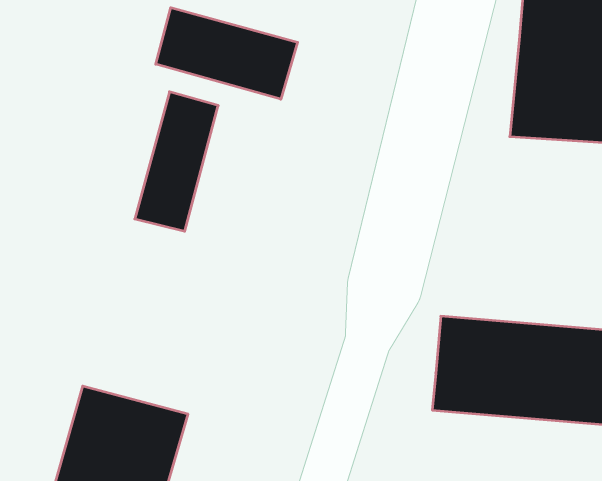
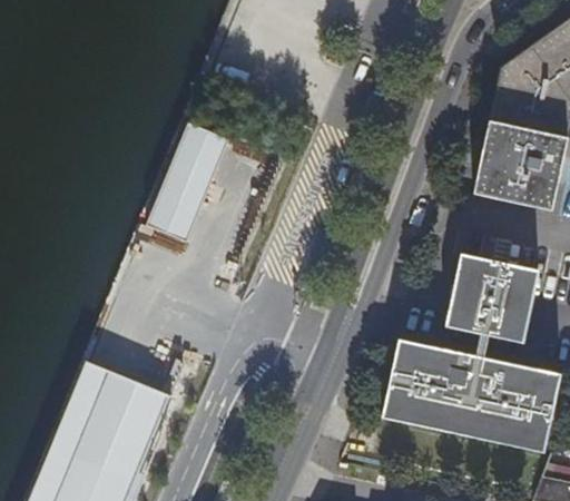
building: [156,8,298,99] -> none
building: none -> [445,254,540,344]

